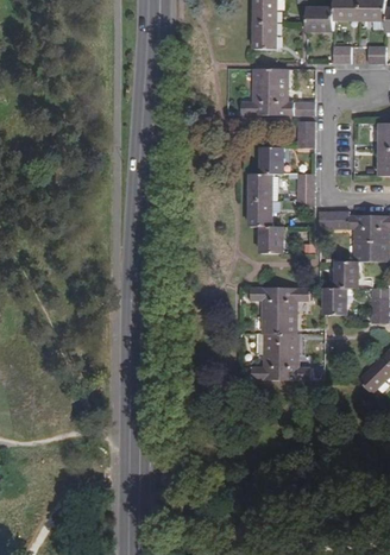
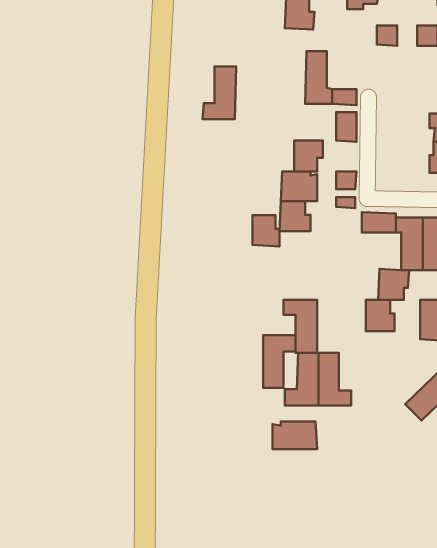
building: [240,69,270,115] -> [202,67,236,119]
building: [259,227,283,254] -> [252,215,279,246]
building: [279,288,308,334] -> [263,335,296,388]
building: none -> [273,422,317,449]

